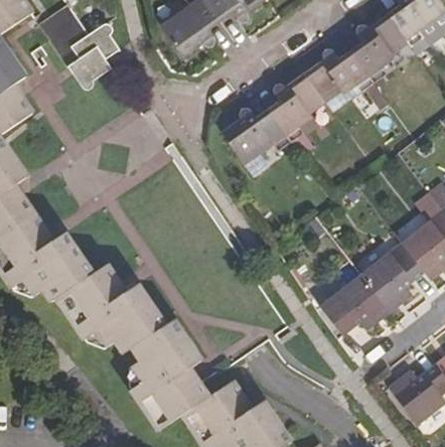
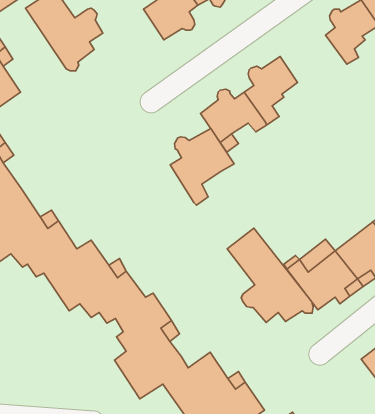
building: [305,46,381,99] -> none
building: none -> [170,129,234,205]
building: none -> [227,228,313,322]

